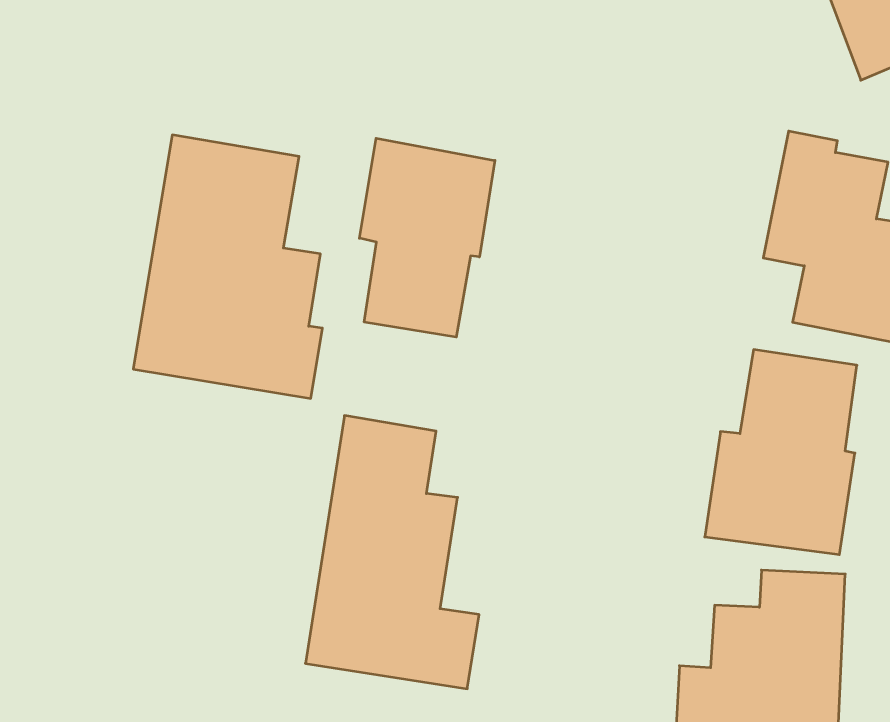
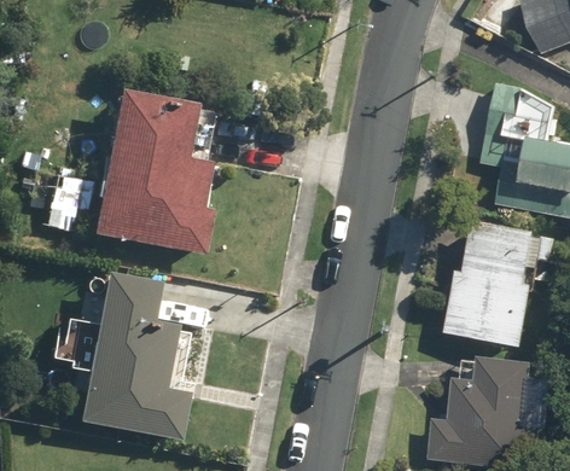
building: [359,138,495,337] -> none
building: [305,416,479,689] -> [80,271,187,440]

